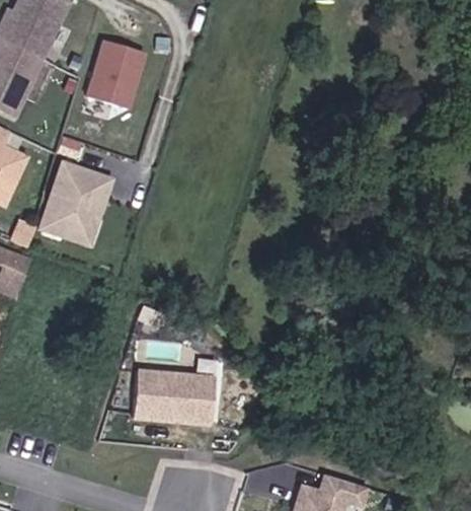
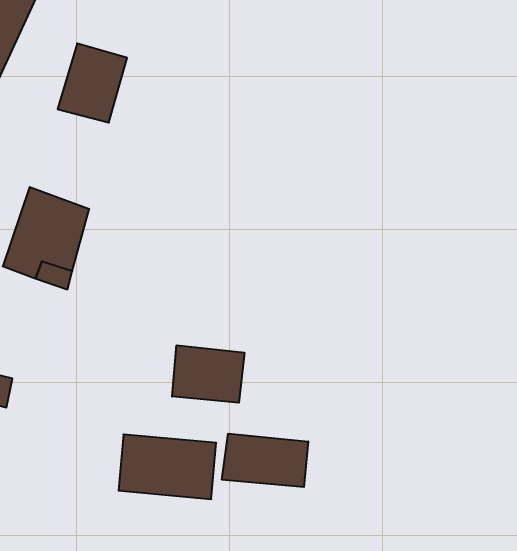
building: none -> [172,345,244,403]
building: none -> [222,434,308,487]

